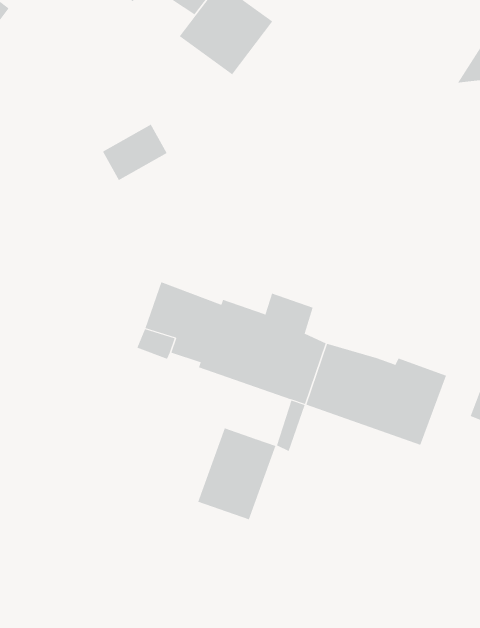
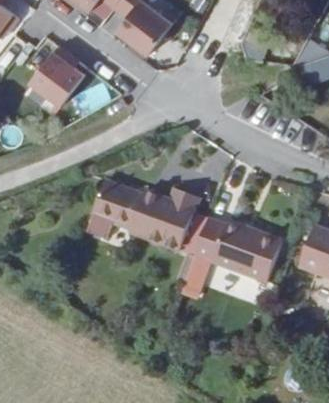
building: none -> [29,48,86,104]
building: [198,428,276,520] -> none

